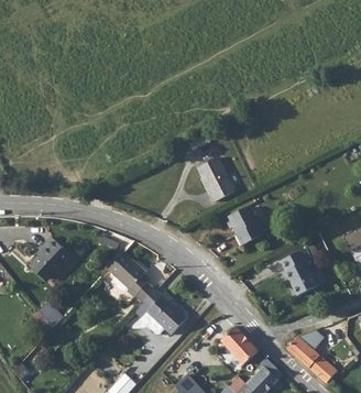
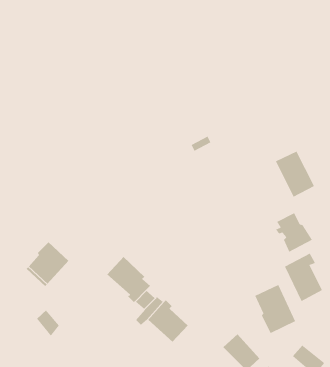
building: [197,156,236,201] -> [275,151,315,197]
building: [230,209,266,248] -> [275,213,313,252]
building: none -> [255,284,296,334]

